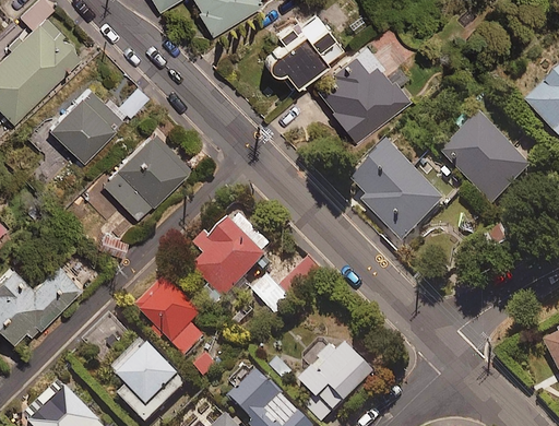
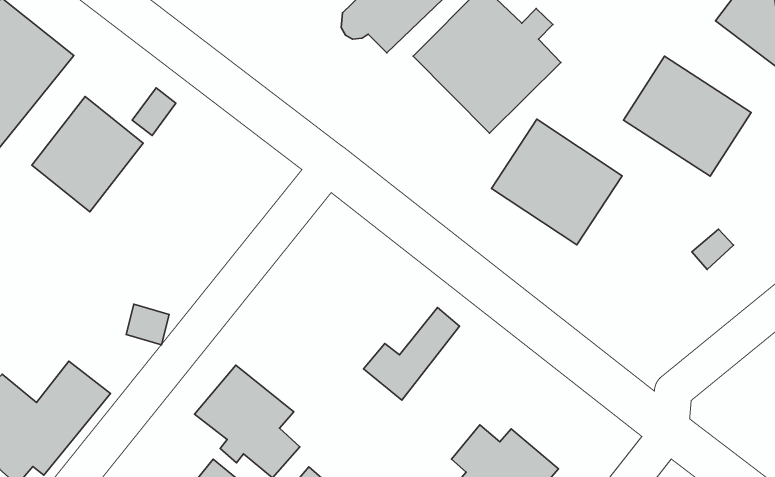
building: [100,132,190,221] -> none
building: [193,218,266,299] -> none

